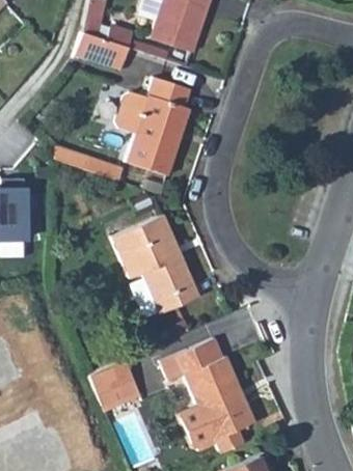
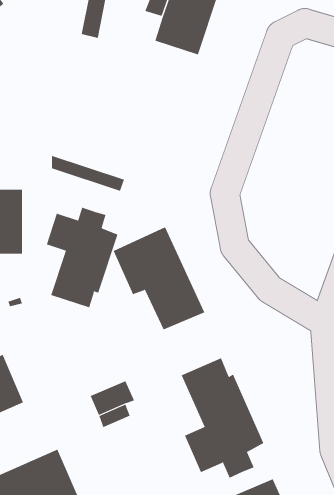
building: [76,33,128,71] -> none
building: [115,78,189,176] -> none
building: none -> [46,207,118,308]

